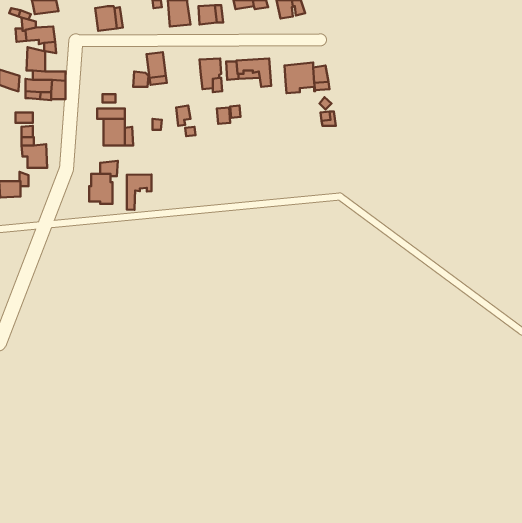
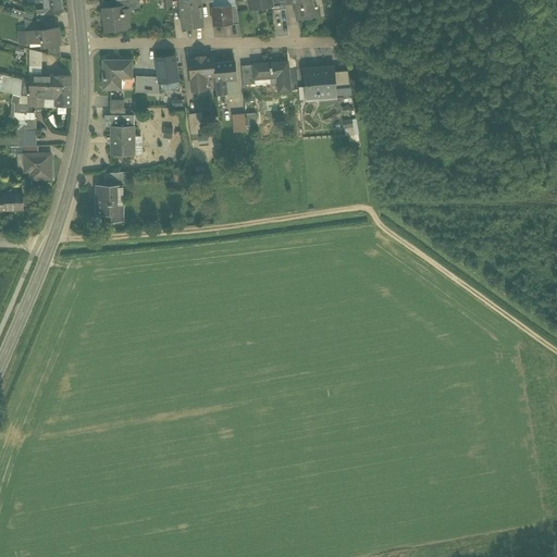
building: none -> [188,57,213,91]
building: none -> [102,61,131,89]
building: [127,174,152,210] -> none

